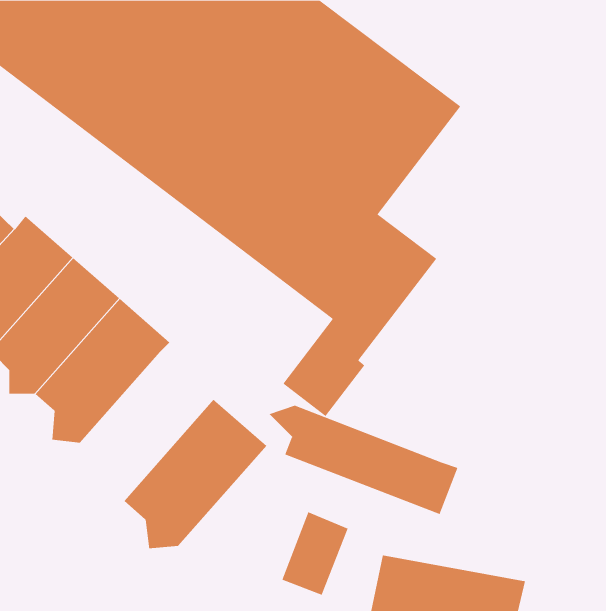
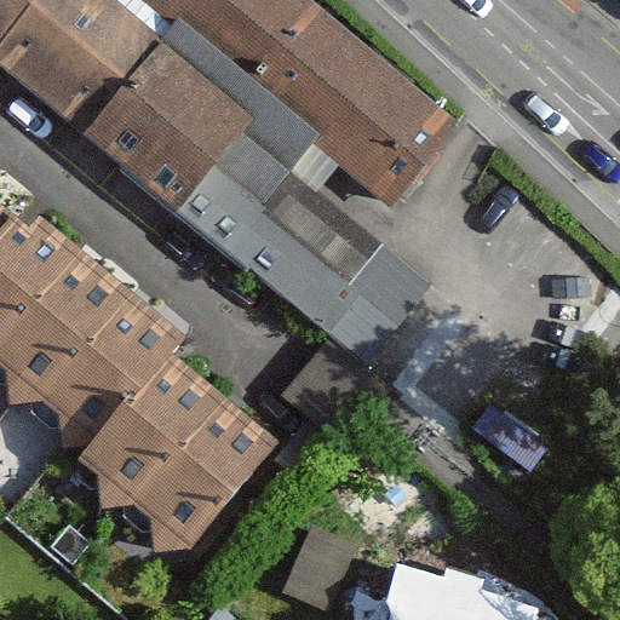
building: none -> [74,357,216,507]
building: [268,405,458,515] -> none

